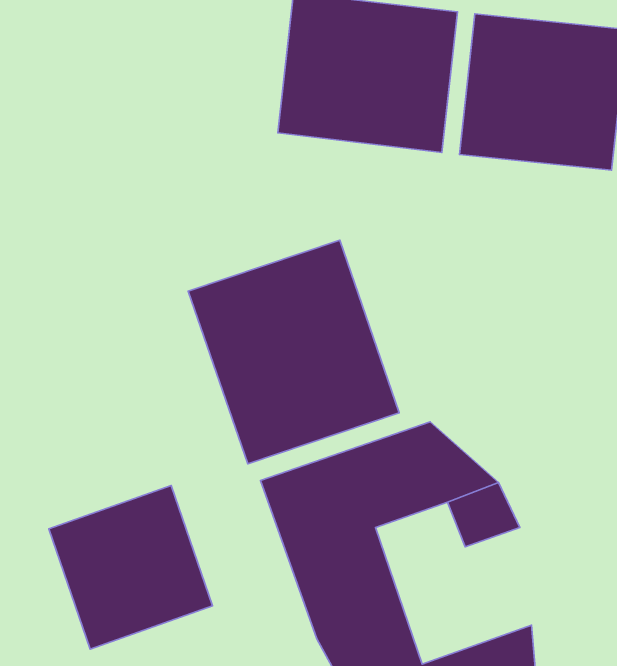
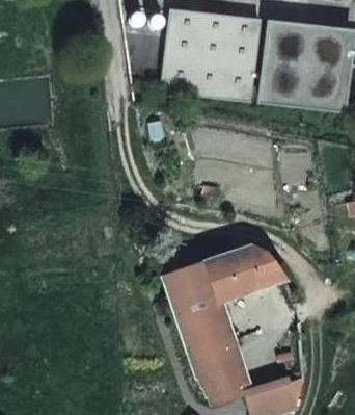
building: [188,240,399,464] -> none
building: [49,486,213,649] -> none

